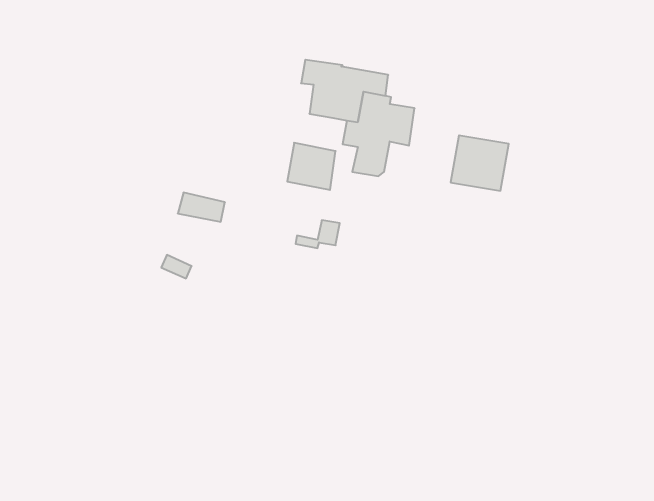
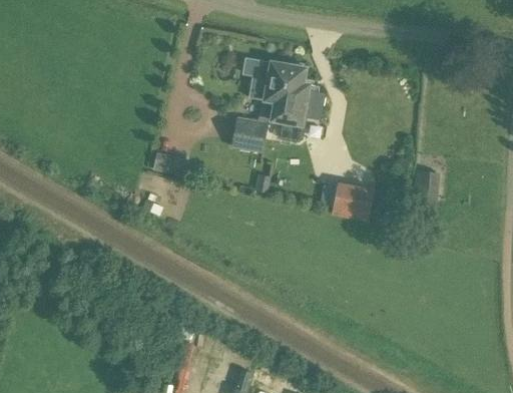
building: [451,135,509,191] -> [331,182,373,223]
building: none -> [416,170,439,209]

